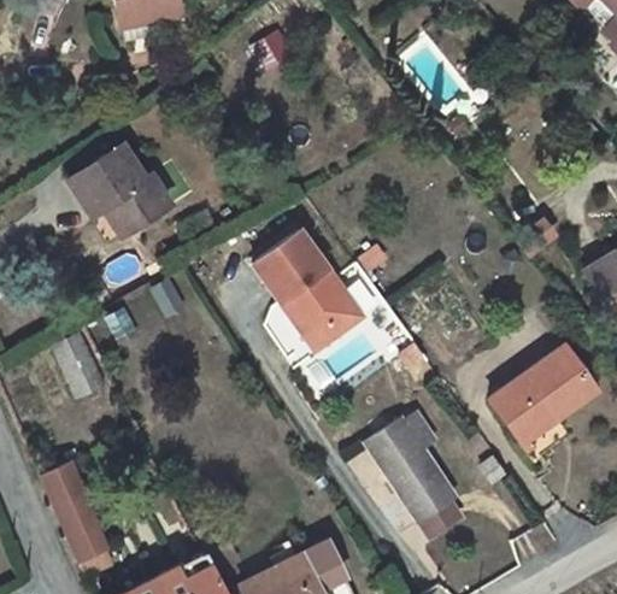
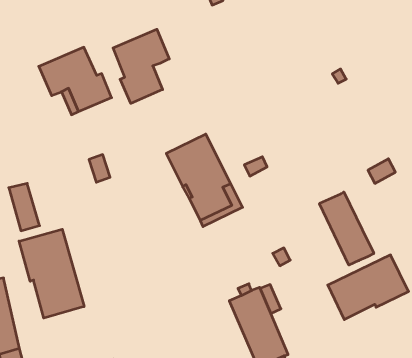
building: none -> [113,29,169,103]
building: none -> [319,192,374,265]
building: none -> [19,229,84,318]

